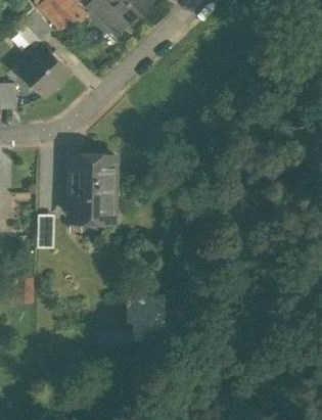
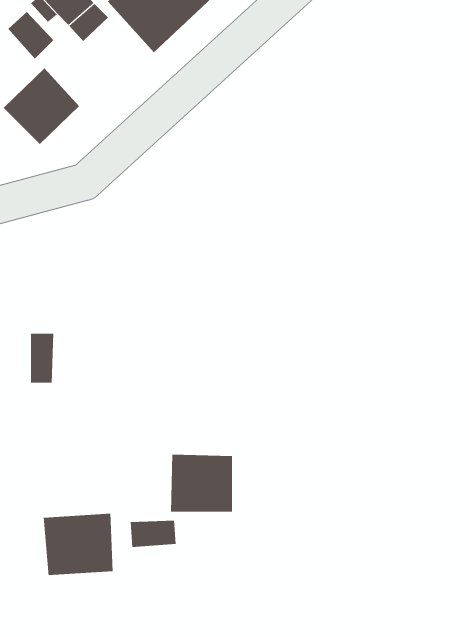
building: [70,154,116,222] -> none
building: none -> [43,513,113,576]

